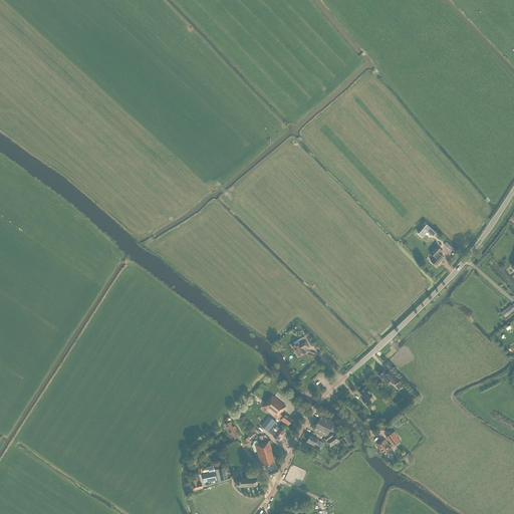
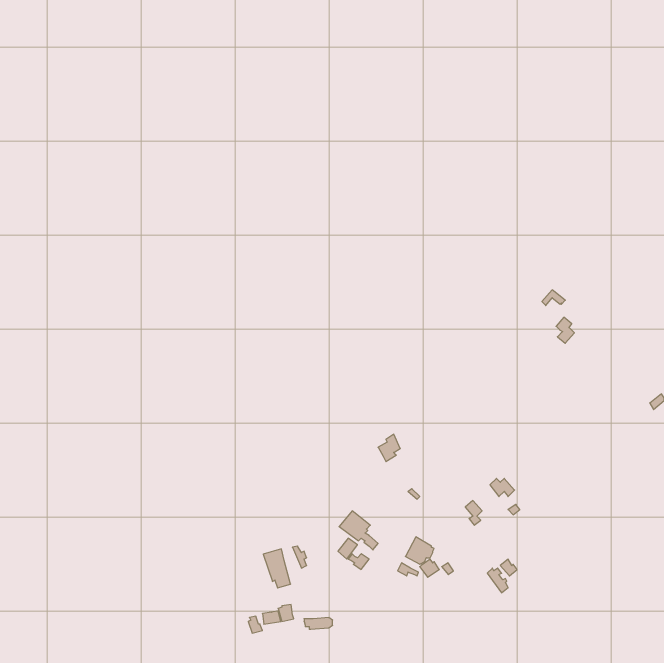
building: [255,440,276,470] -> [263,549,291,588]

